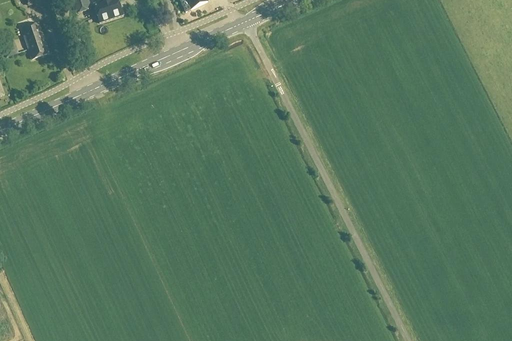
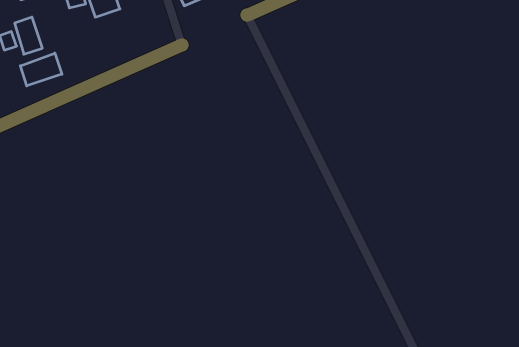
building: none -> [20,53,62,86]

